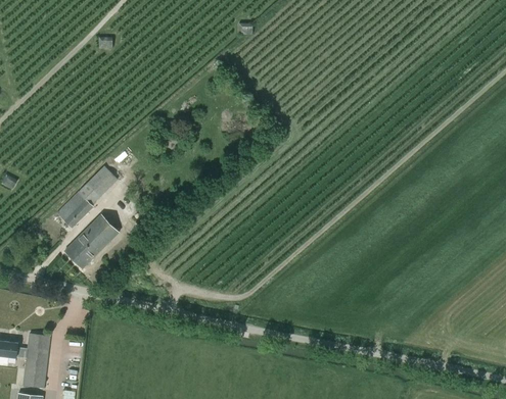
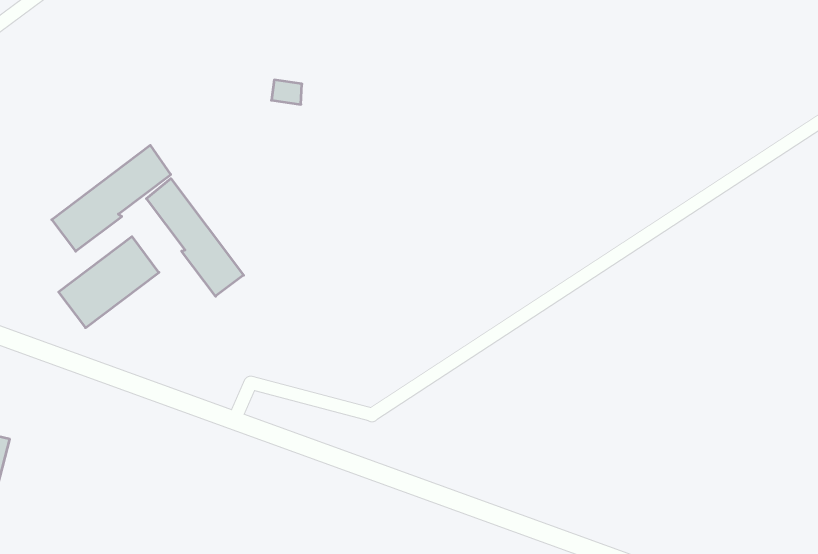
building: none -> [146,179,244,296]

